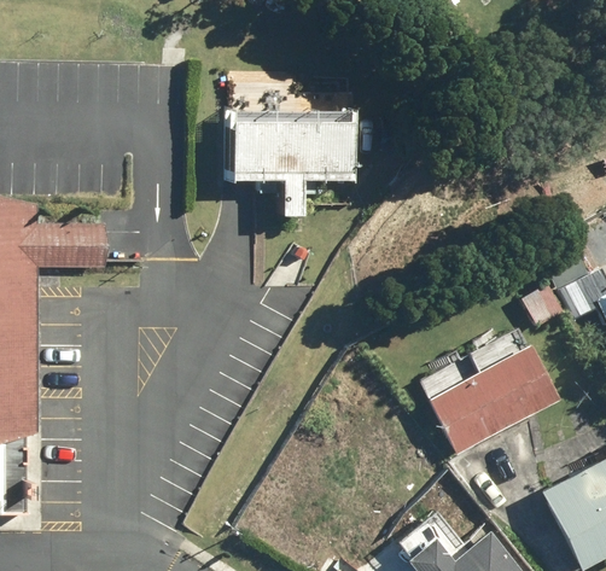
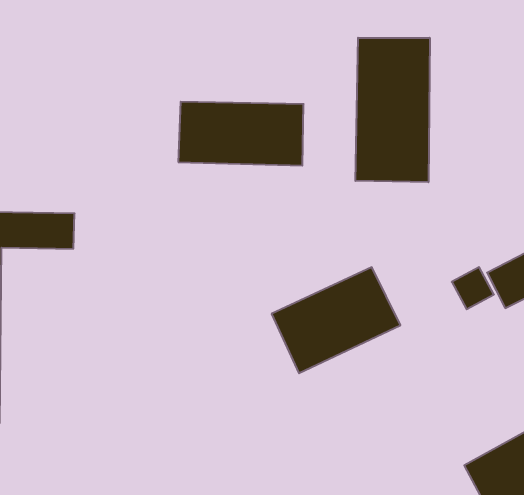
building: none -> [355,38,430,182]
building: [418,343,554,455] -> [272,267,400,373]

